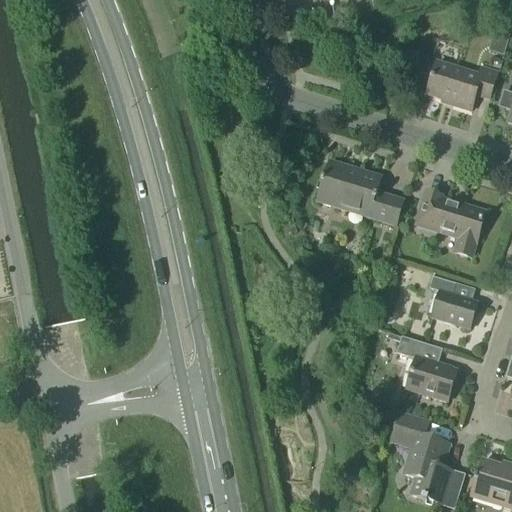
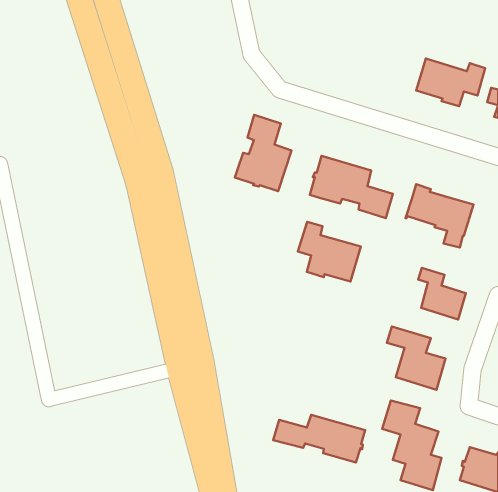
building: none -> [235,115,291,191]
building: none -> [298,222,361,282]
building: none -> [273,415,365,463]

